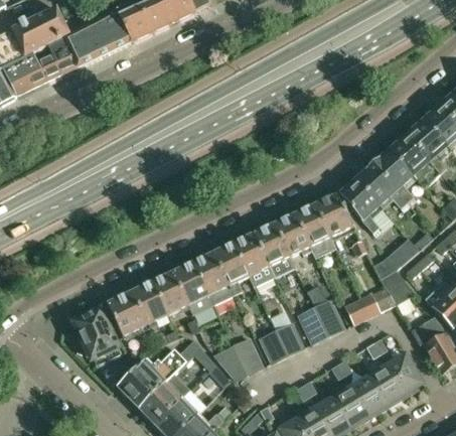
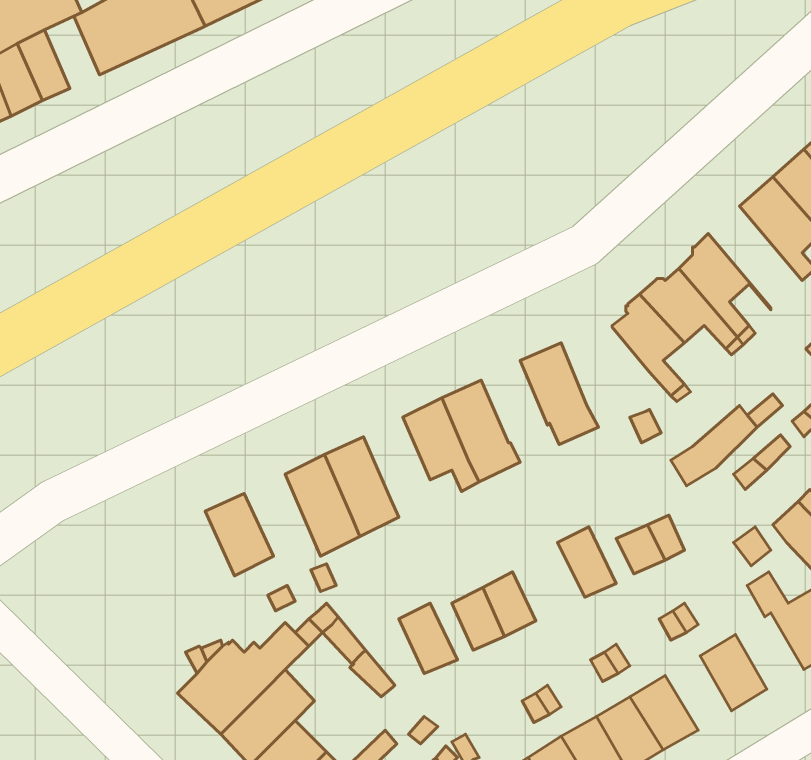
building: [50,36,79,74] -> none
building: [392,134,440,186] -> none
building: [316,194,352,248] -> none
building: [275,213,309,256] -> none
building: [214,243,249,294] -> none
building: [381,269,415,304] -> none
building: [153,272,192,314] -> none
building: [108,291,148,335] -> none
building: [298,307,328,343] -> none
building: [74,309,121,365] -> none
building: [212,346,246,380] -> none
building: [369,366,404,404] -> none

